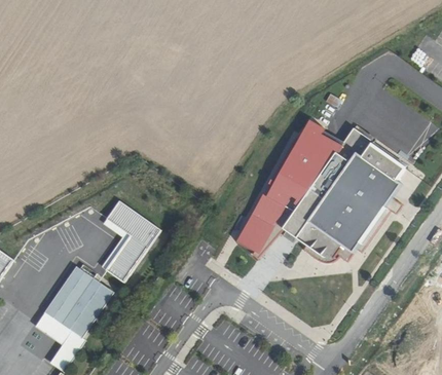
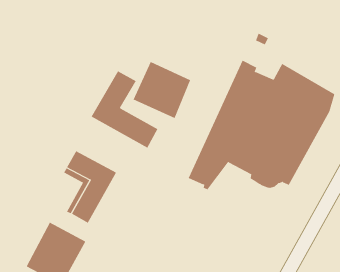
building: none -> [133,61,191,119]
building: none -> [91,70,158,148]

